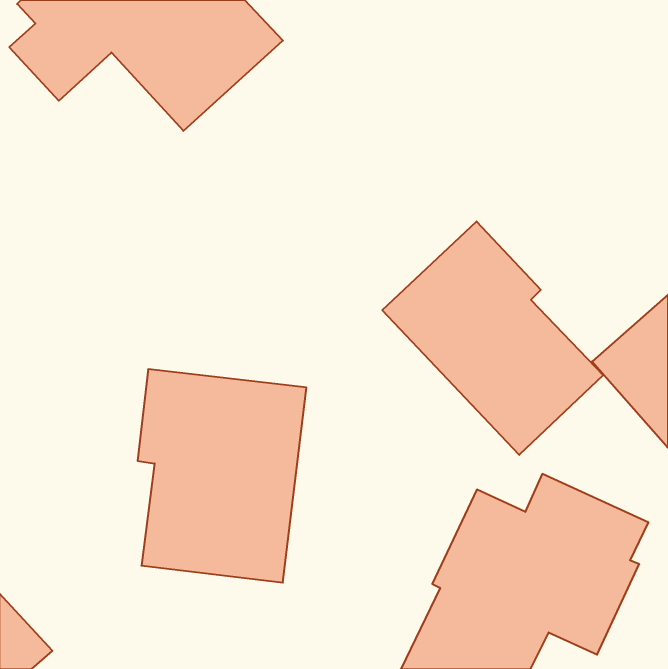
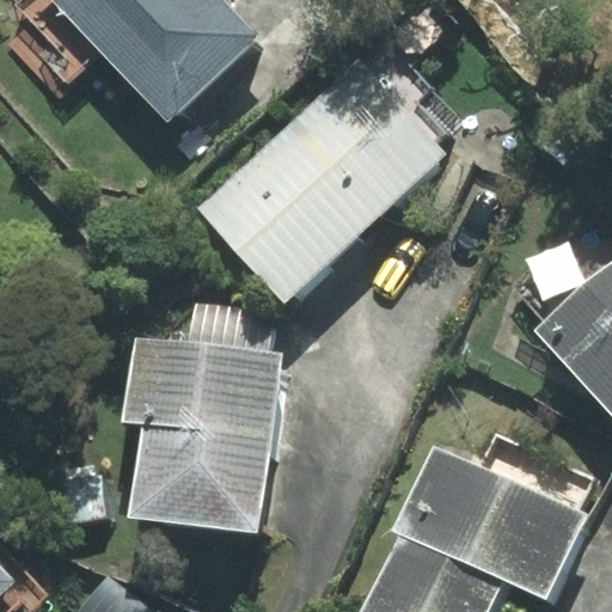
building: none -> [201,62,441,298]
building: [382,221,603,455] -> none

